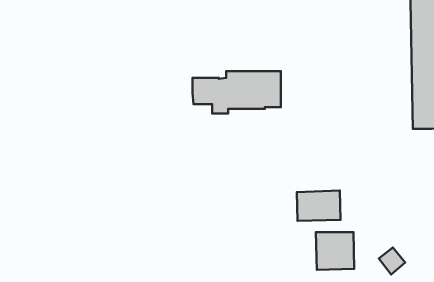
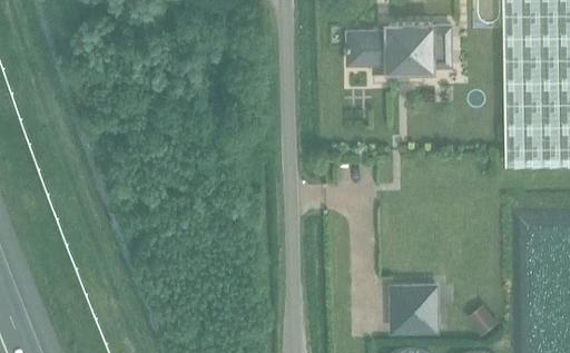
building: [192,71,281,114] -> [348,27,453,77]
building: [297,190,341,221] -> none

